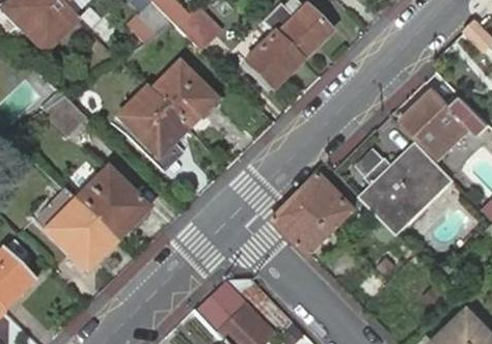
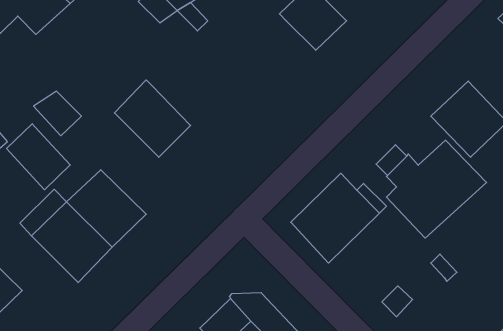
building: [243,32,301,90] -> none
building: [152,65,215,127] -> none
building: none -> [7,124,70,190]

